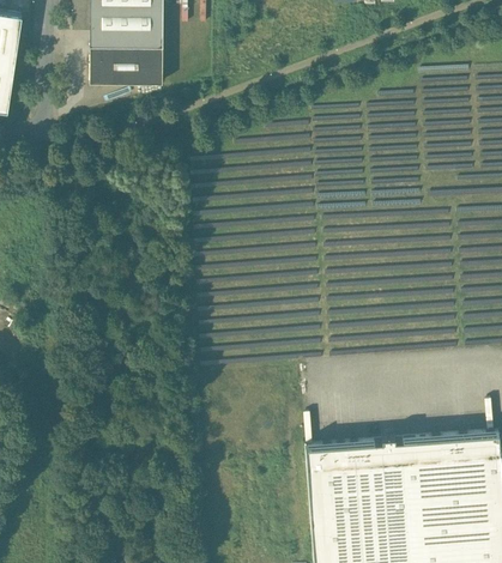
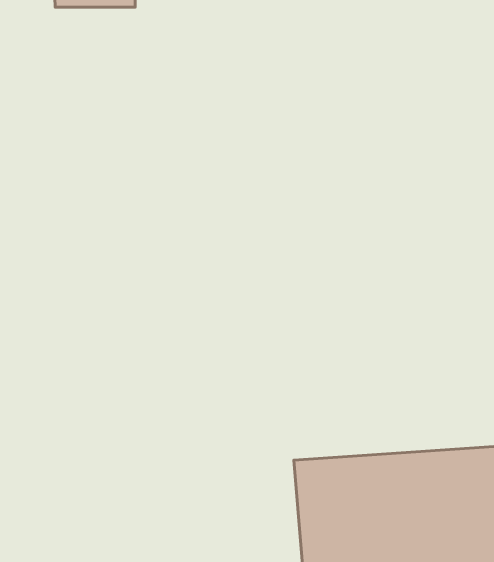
building: [89,40,162,84] -> none

